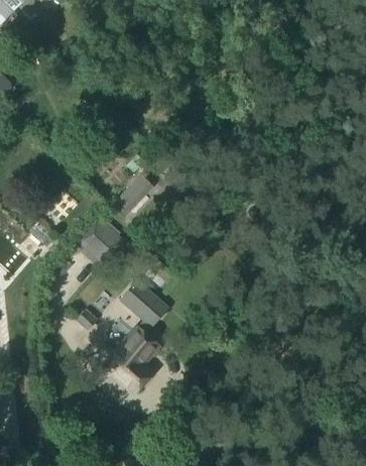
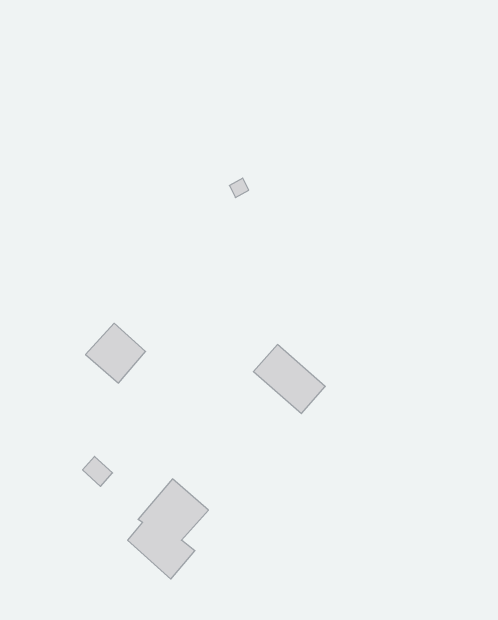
building: [121,279,169,326] -> [253,345,325,414]

